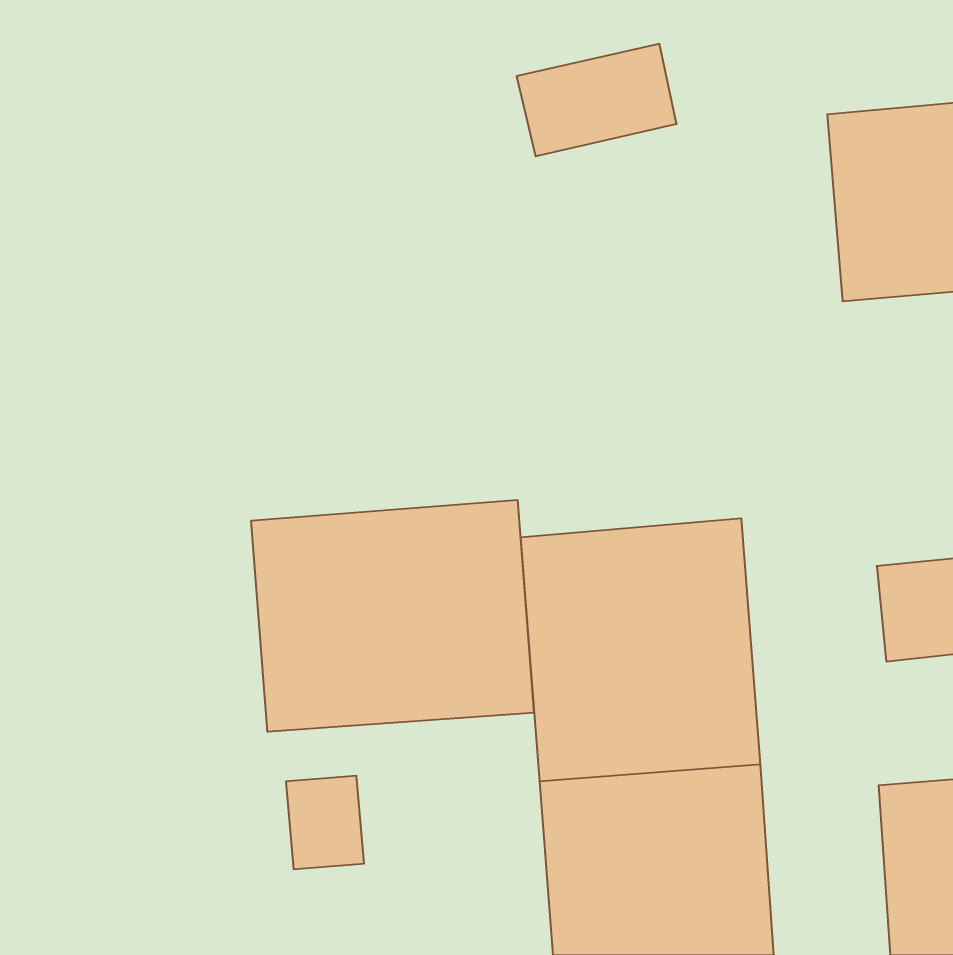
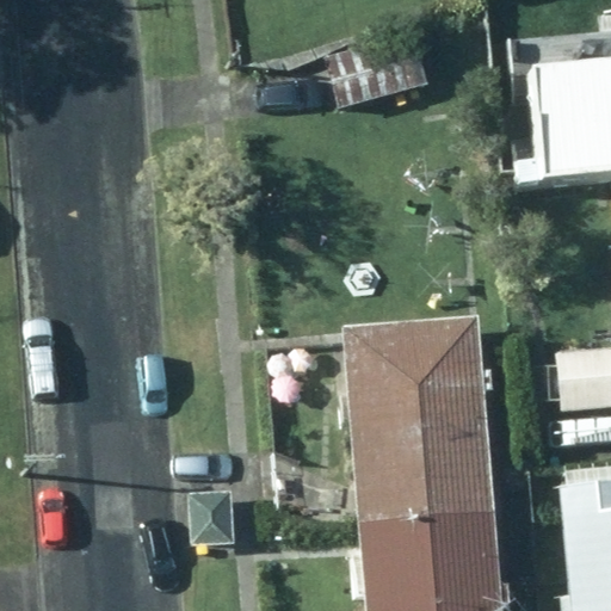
building: [251,500,534,732] -> none

